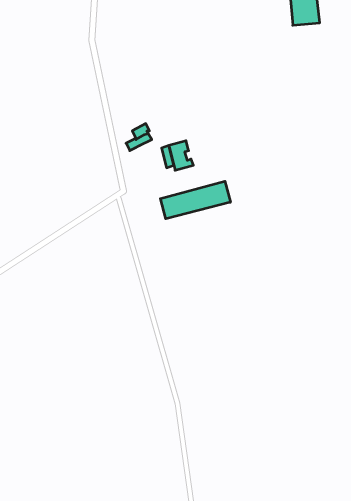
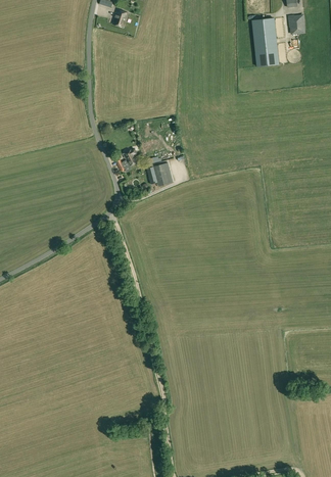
building: [160,181,230,219] -> none

